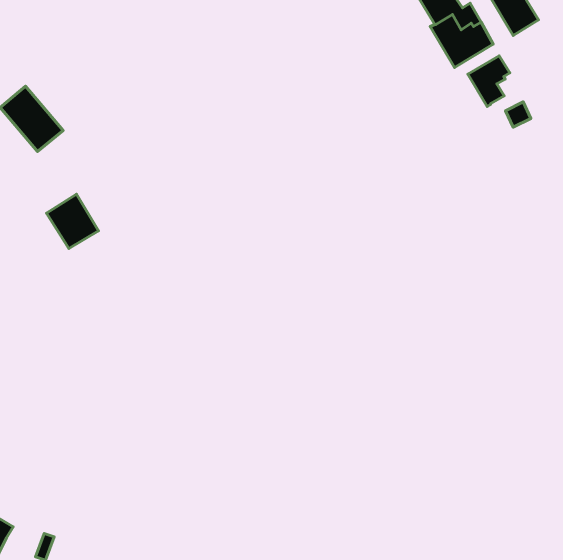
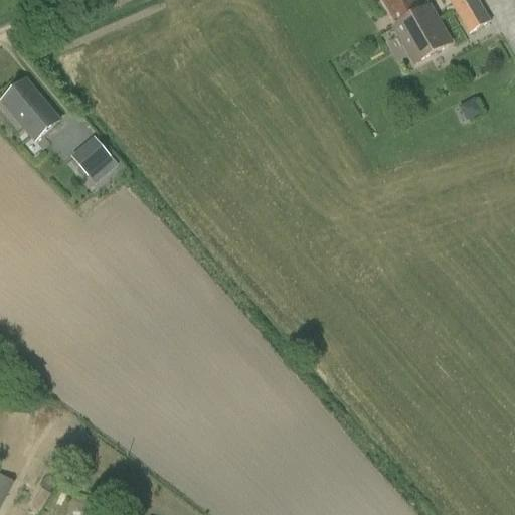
building: [468,56,510,107] -> none
building: [47,194,99,248] -> [71,131,119,180]

